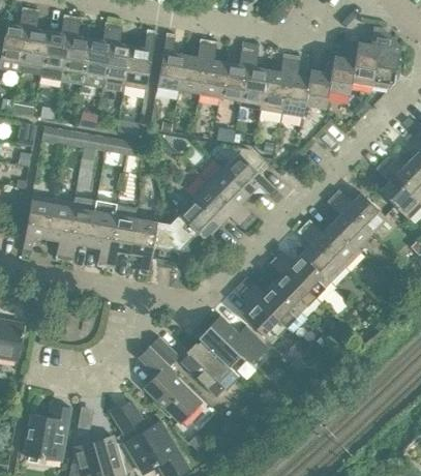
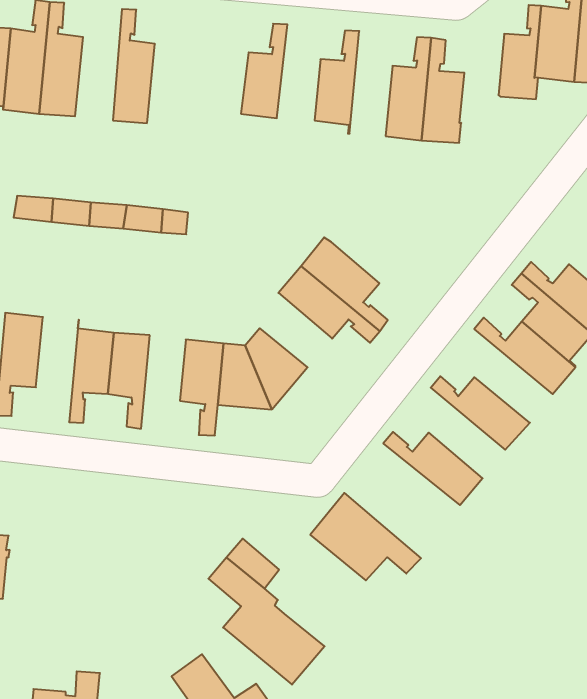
building: [82,22,114,87] -> none
building: [123,29,156,90] -> none
building: [157,32,185,89] -> none
building: [199,39,227,96] -> none
building: [240,47,268,109] -> none
building: [304,53,334,108] -> none
building: [224,153,277,198] -> none
building: [179,195,224,251] -> none
building: [47,198,74,260] -> none
building: [106,213,136,268] -> none
building: [297,225,345,281] -> none
building: [269,257,315,311] -> none
building: [240,287,287,343] -> none
building: [180,336,229,396] -> none

